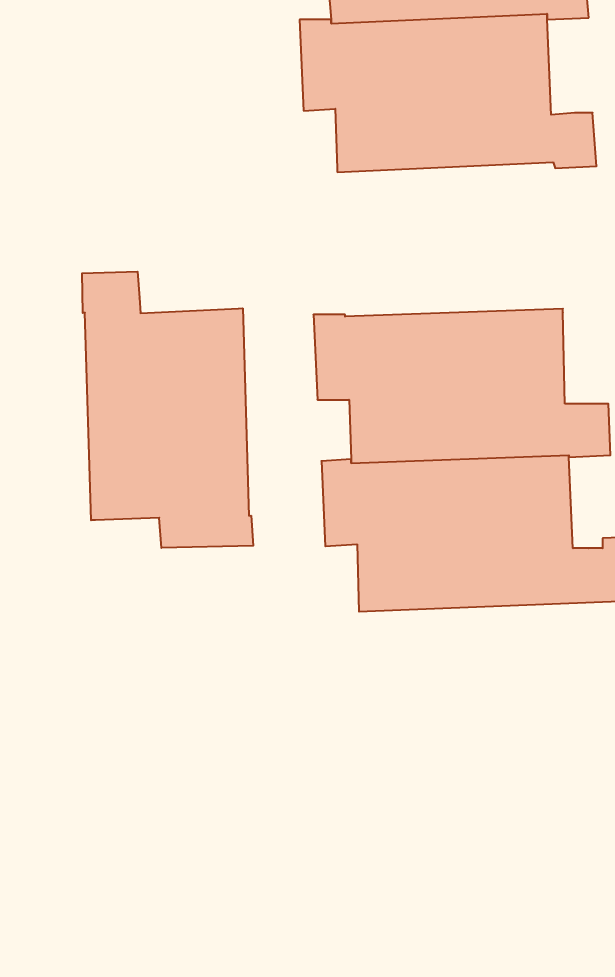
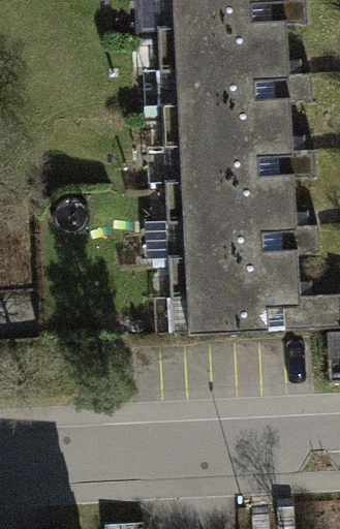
building: none -> [162,97,316,178]
building: [82,272,253,548] -> none

